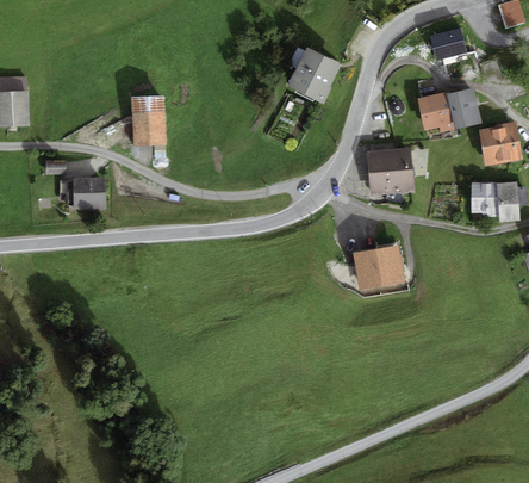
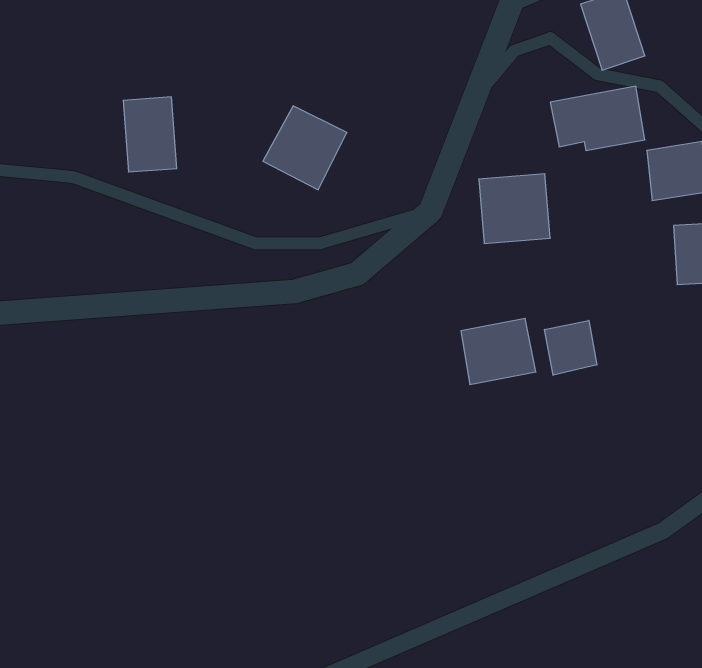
building: [282,45,338,101] -> [263,106,347,190]
building: [73,178,105,206] -> none
building: [469,184,496,211] -> none
building: none -> [544,320,597,375]

